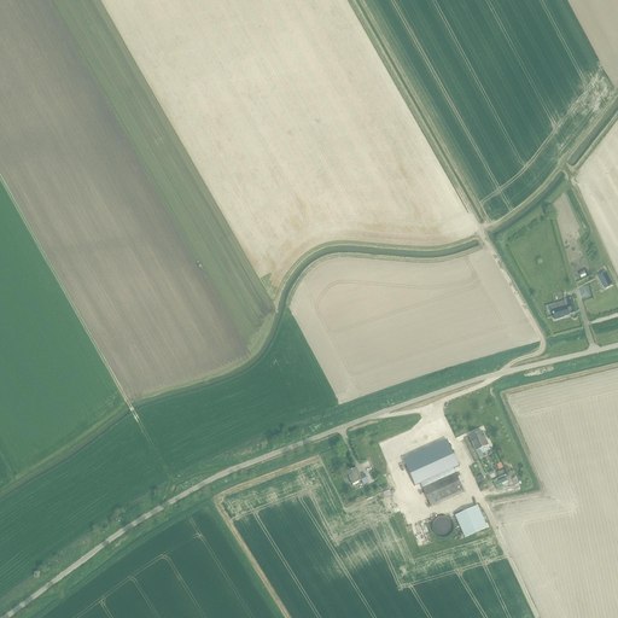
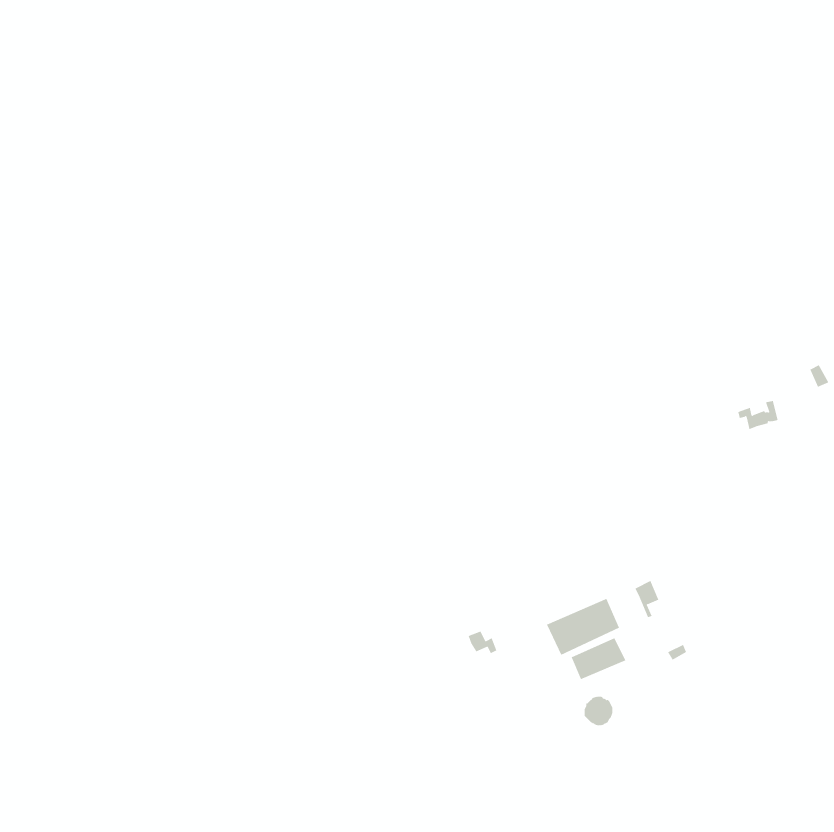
building: [454,503,486,536] -> none

